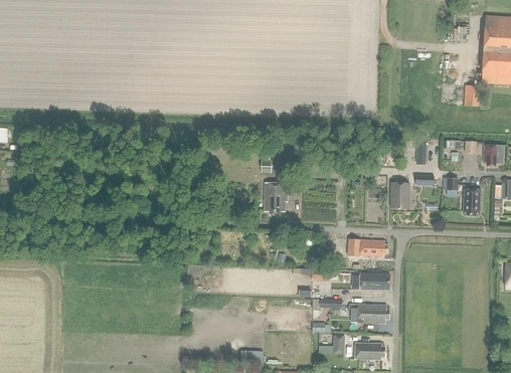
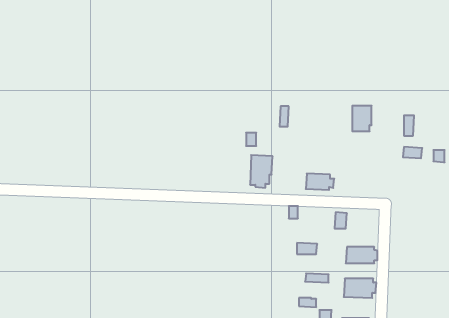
building: [390,183,409,208] -> [352,106,372,131]
building: [360,240,388,256] -> [306,174,334,190]

